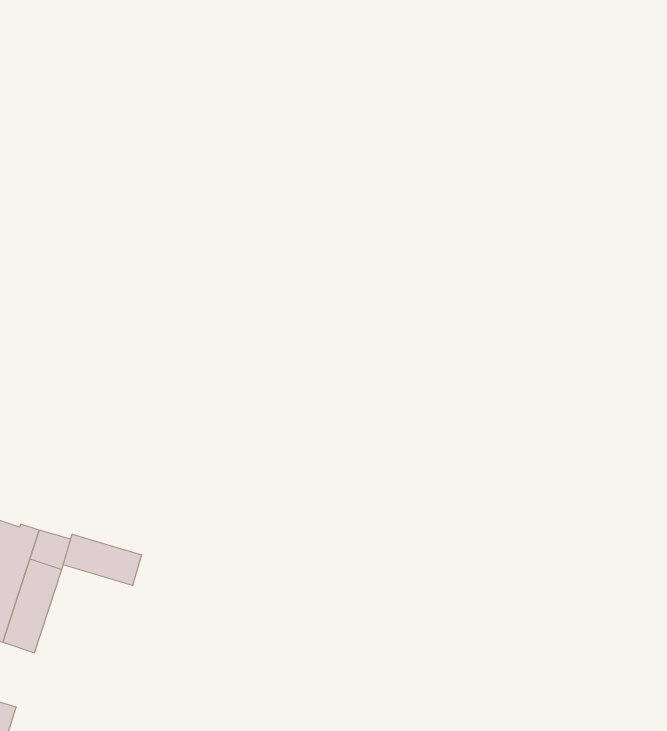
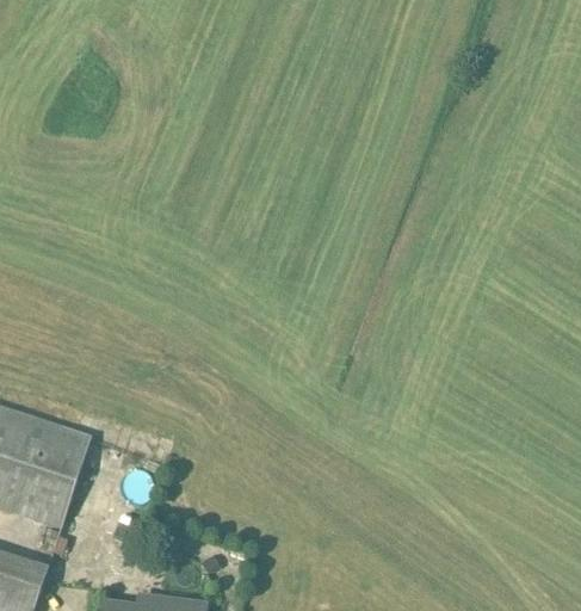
building: [63,534,142,586] -> none

